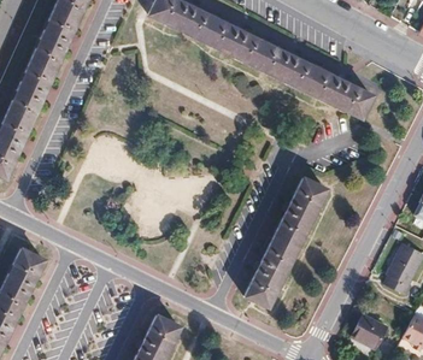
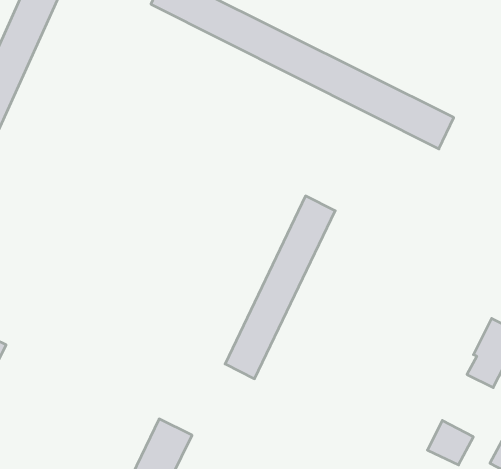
building: [245,177,325,311] -> [225,196,335,379]

